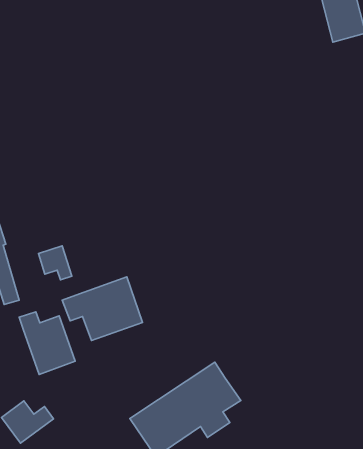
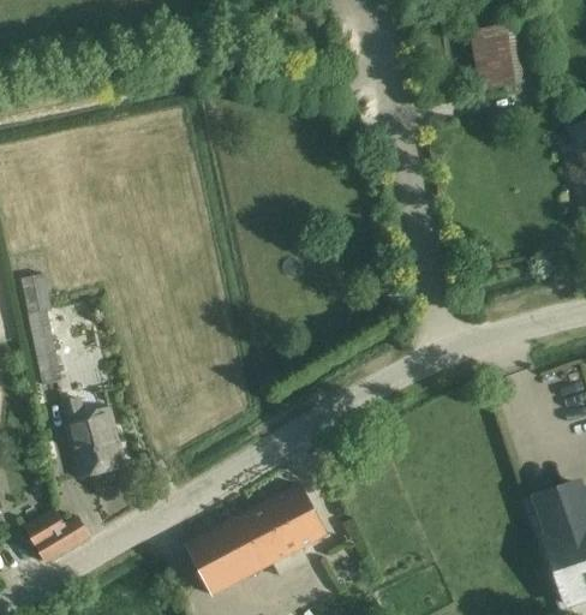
building: [38,246,72,280] -> none
building: [62,277,143,341] -> none

